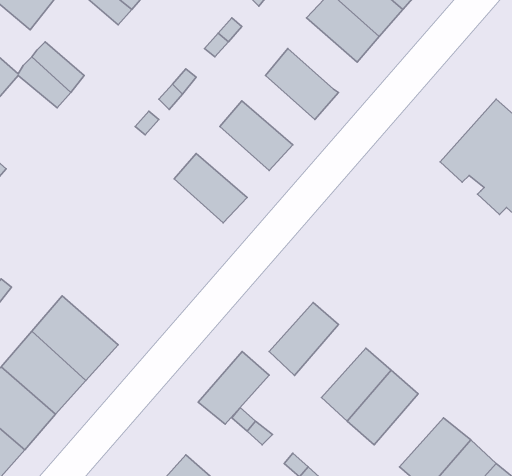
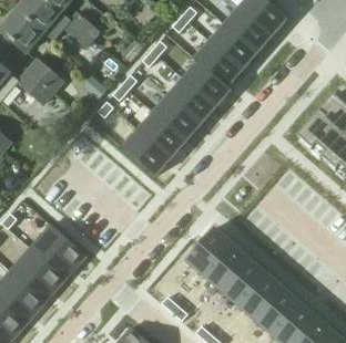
building: none -> [194,41,243,87]
building: none -> [167,79,215,124]
building: none -> [138,112,185,158]
building: [198,351,269,424] -> [202,241,248,289]
building: none -> [254,287,299,334]

